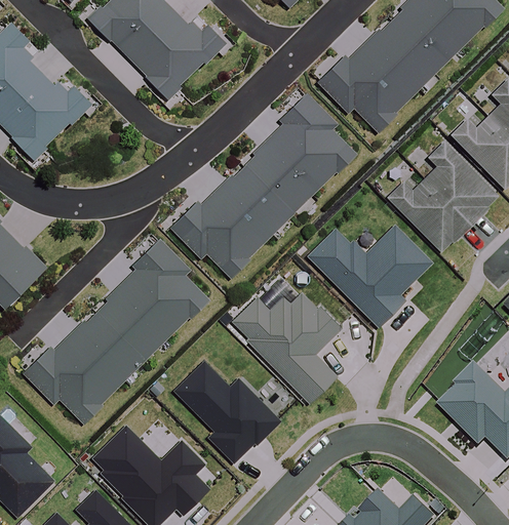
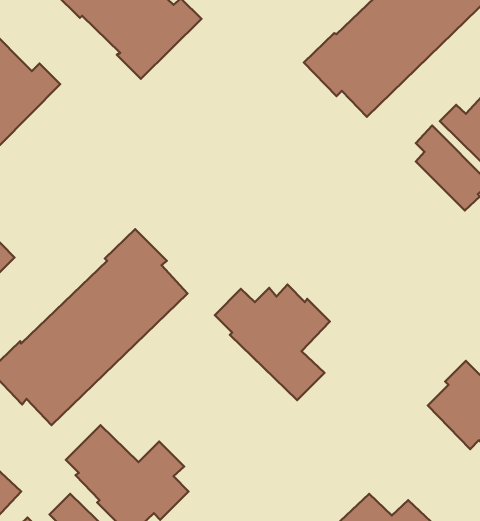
building: [171,95,358,280] -> none
building: [383,175,470,252] -> none
building: [309,223,434,324] -> none
building: [174,358,281,460] -> none

